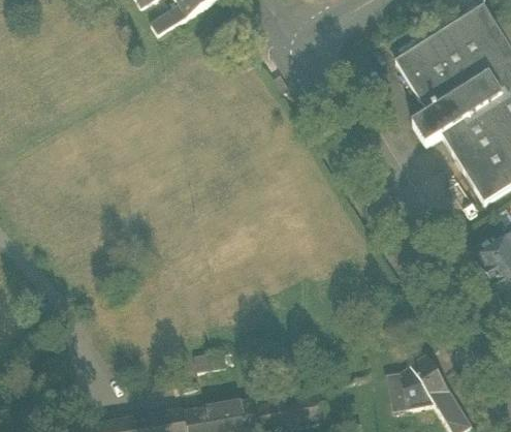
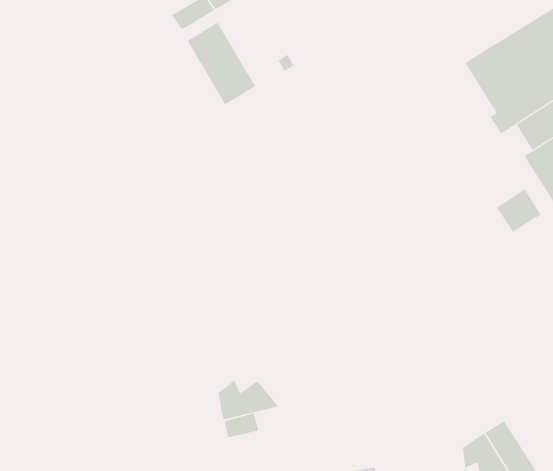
building: none -> [187,22,256,105]
building: [412,110,449,146] -> [496,189,541,232]
building: none -> [218,380,279,420]

